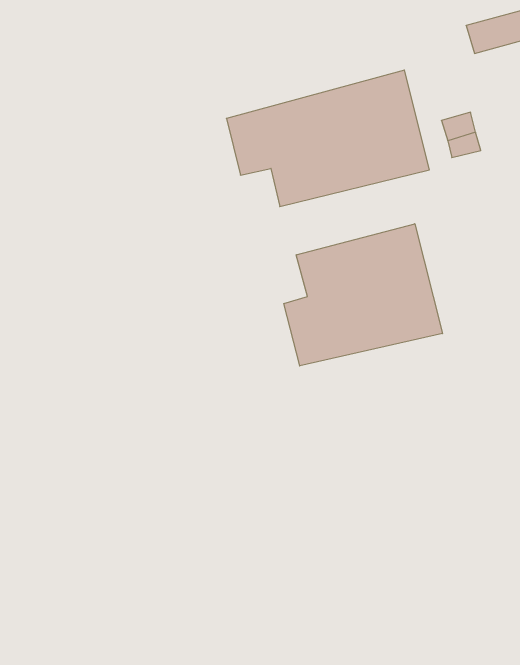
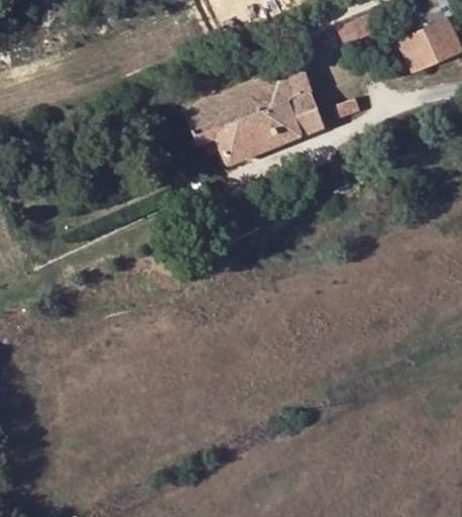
building: [284,224,442,366] -> none

